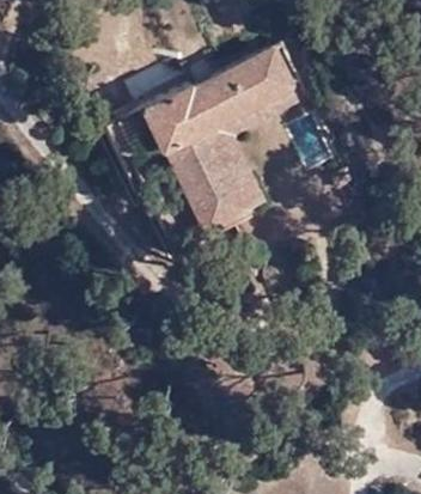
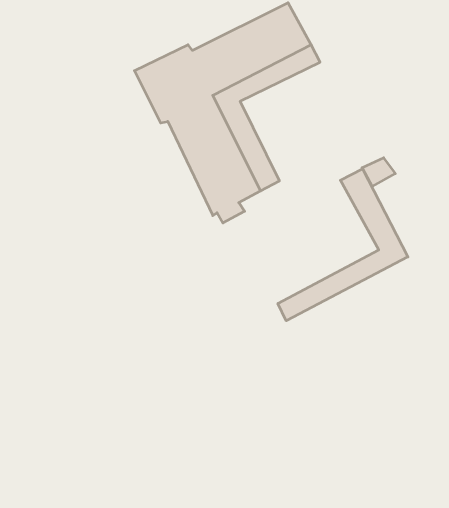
building: none -> [278,169,408,321]

